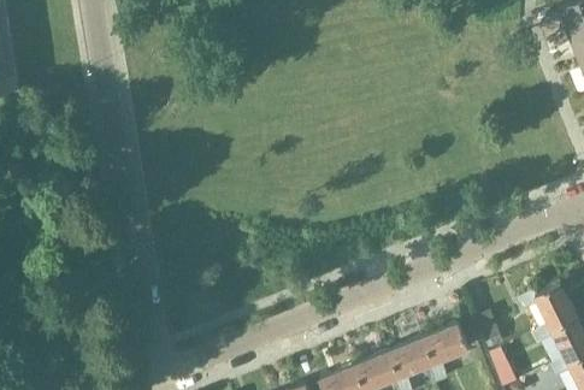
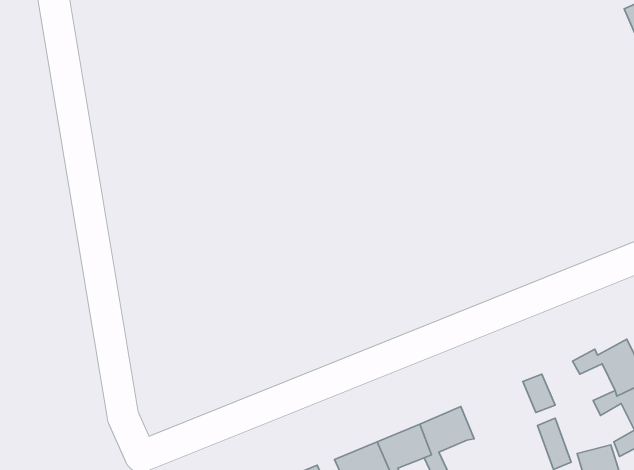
building: [423,324,467,384] -> none

